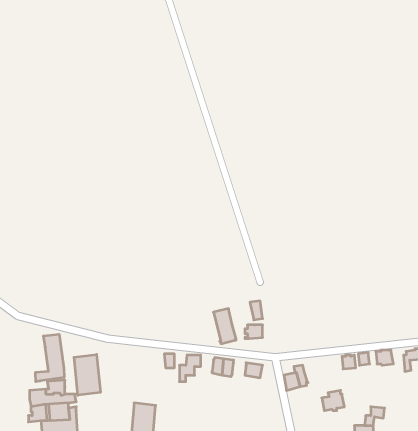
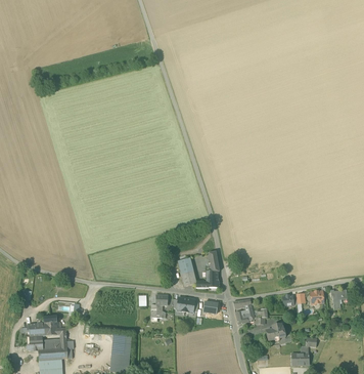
building: [36,334,64,382] -> none
building: [74,354,100,395] -> none

